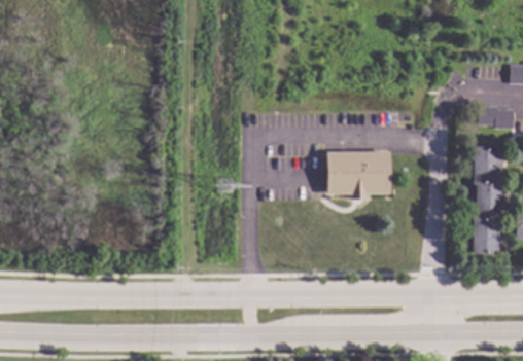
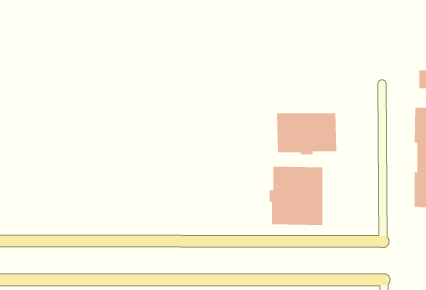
building: none -> [269,166,323,226]

